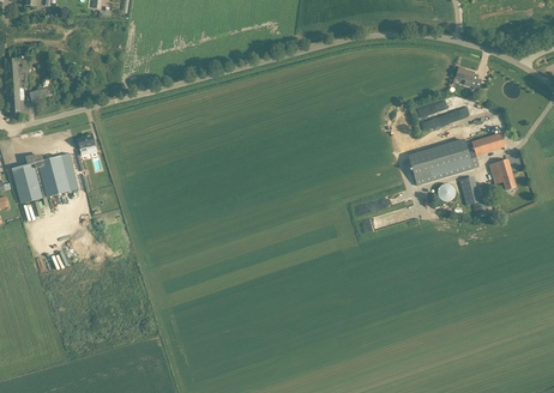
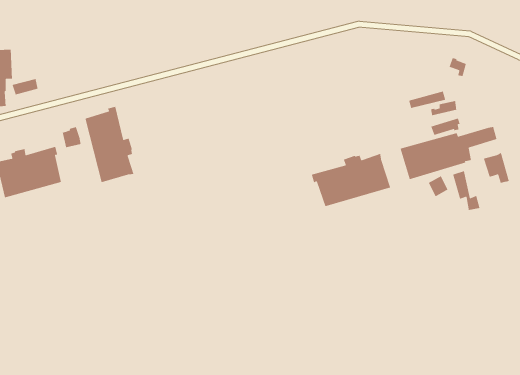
building: none -> [84,106,134,183]
building: none -> [311,153,391,207]

